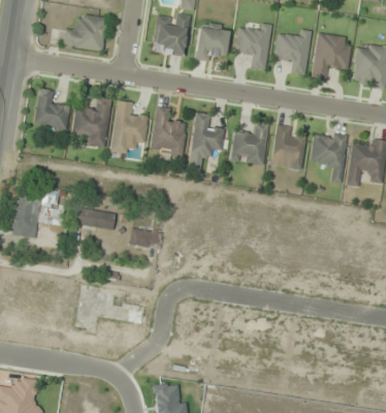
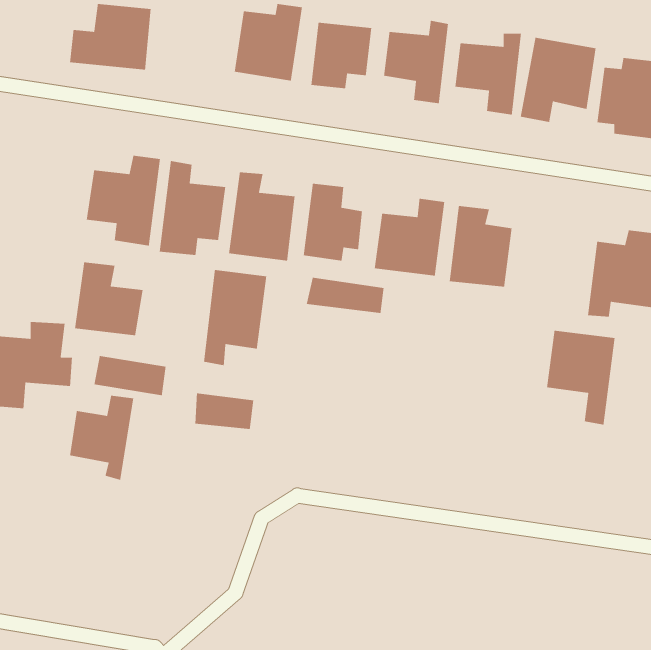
building: [32,89,70,130] -> [74,261,143,336]
building: [310,131,348,184] -> [546,330,616,425]
building: none -> [203,269,267,366]
building: none -> [306,277,385,314]
building: none -> [69,395,134,481]

